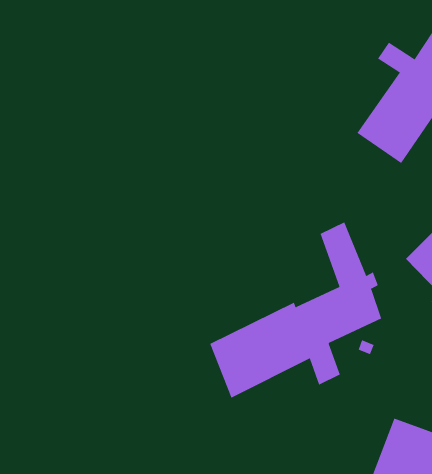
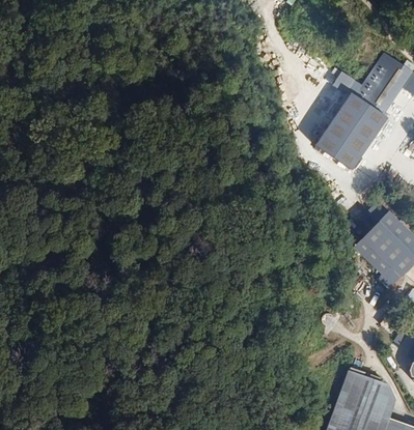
building: [210,222,382,398] -> none

